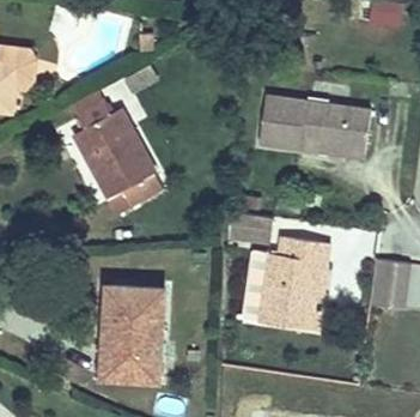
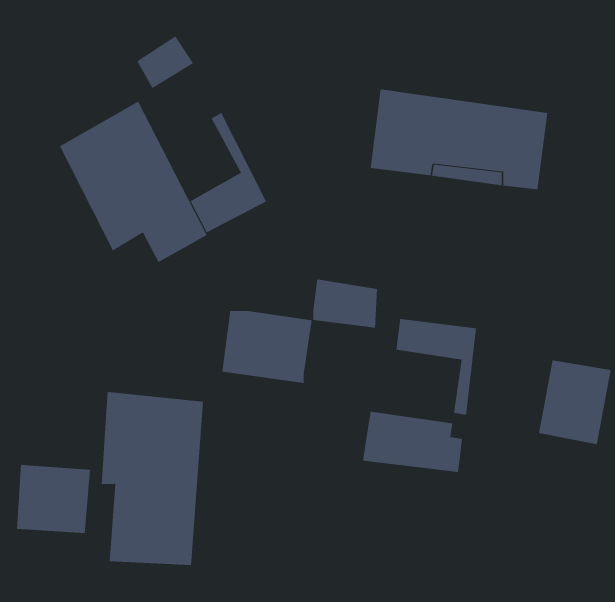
building: none -> [190,112,267,233]
building: [263,254,318,298] -> [221,310,313,384]
building: none -> [17,464,91,534]

